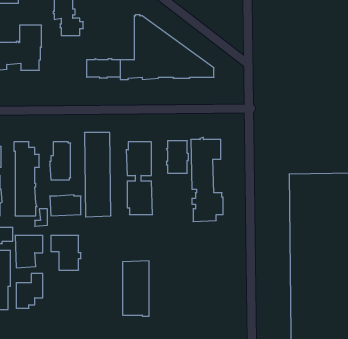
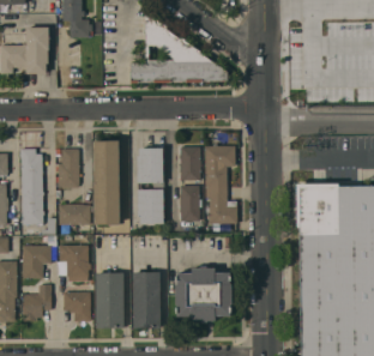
building: [87,59,120,78] -> none
building: none -> [179,186,200,222]
building: none -> [174,266,231,324]
building: none -> [95,273,122,328]
building: none -> [61,292,90,322]

